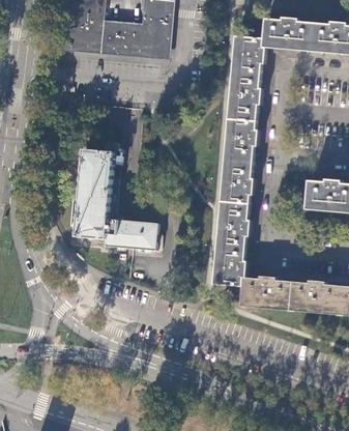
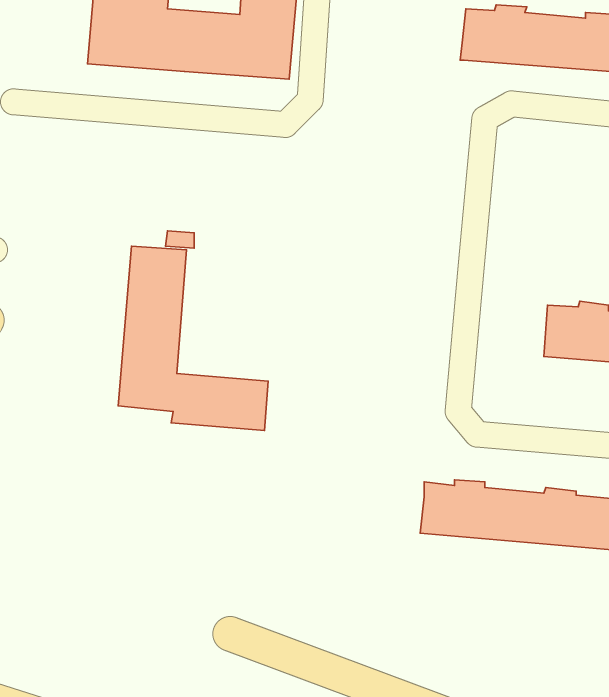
building: [212,35,263,286] -> none

